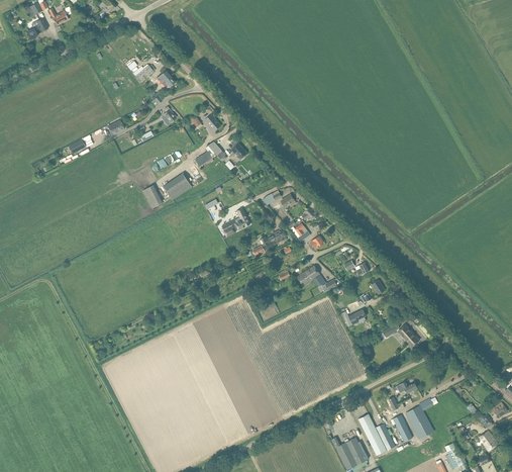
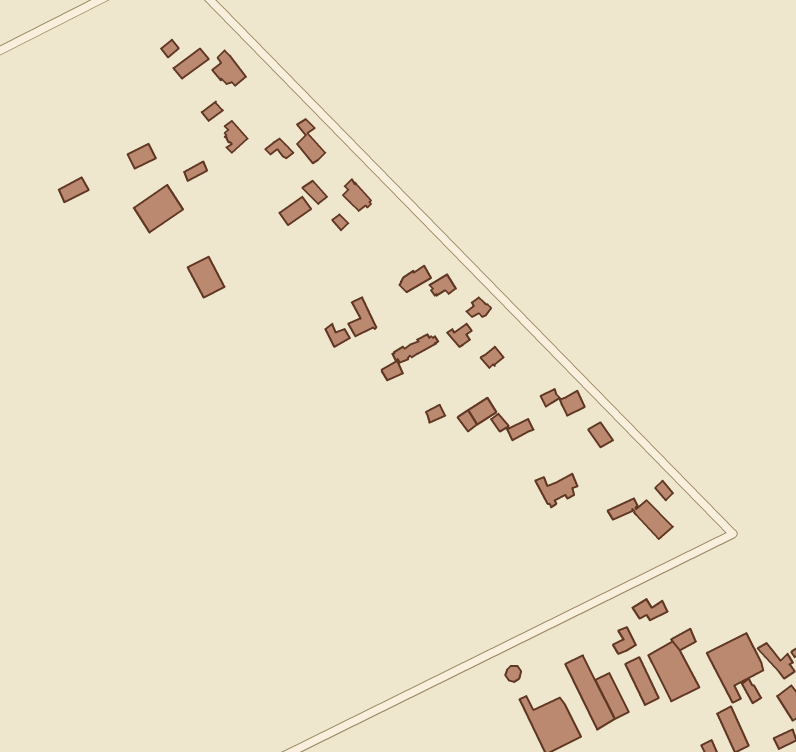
building: [164,172,192,199] -> [134,185,183,233]
building: none -> [707,633,763,703]

